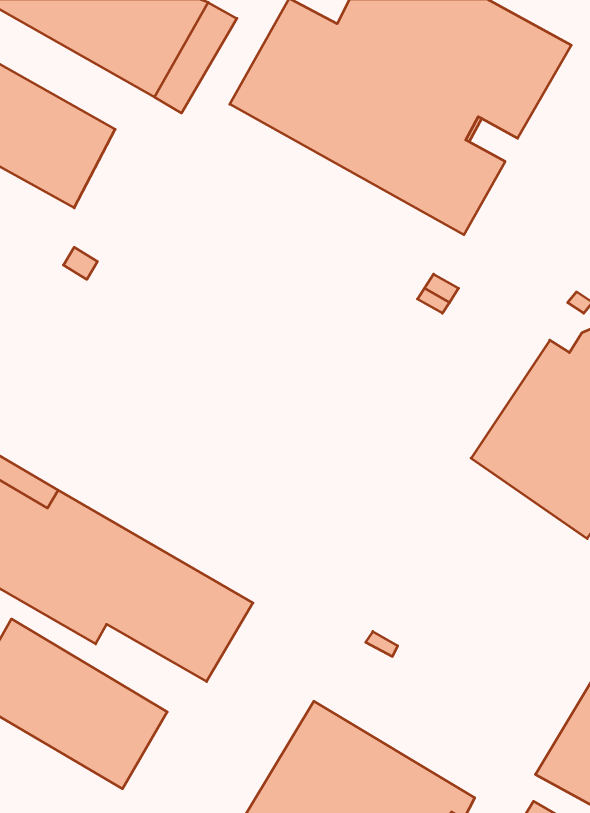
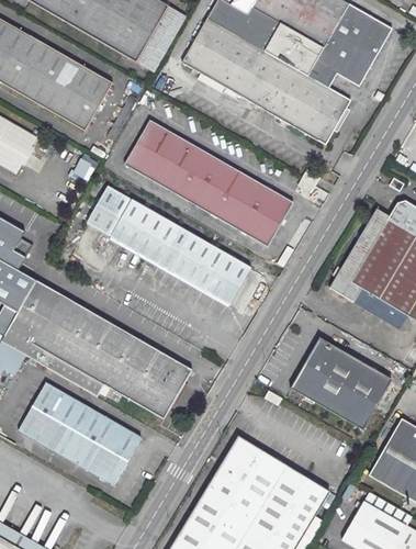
building: none -> [123,121,292,246]
building: none -> [87,187,250,304]
building: none -> [293,337,395,428]

